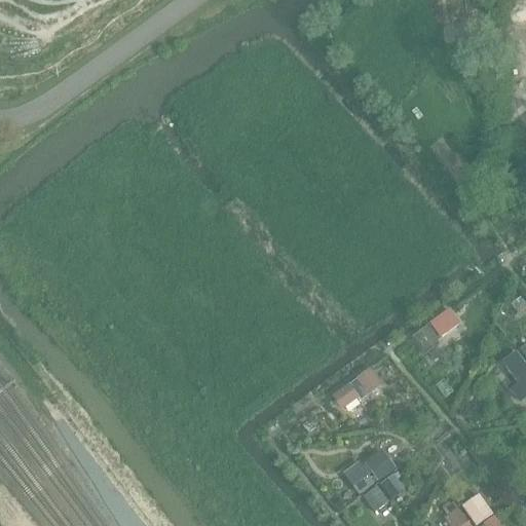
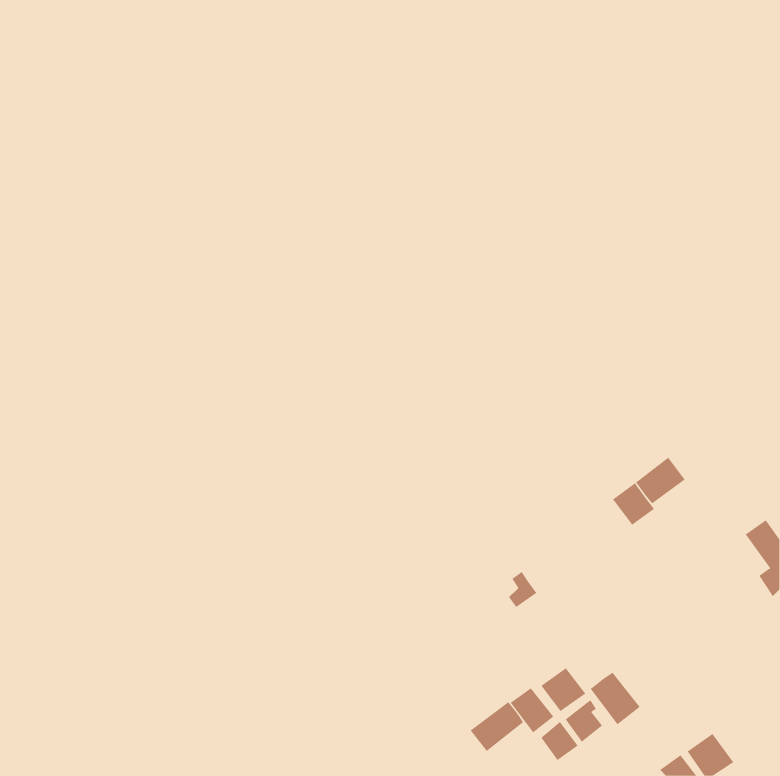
building: none -> [590,672,640,725]
building: none -> [470,701,524,752]

